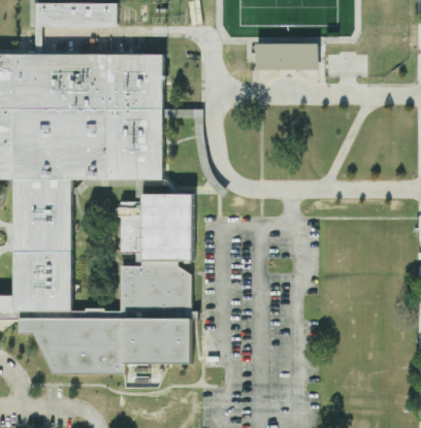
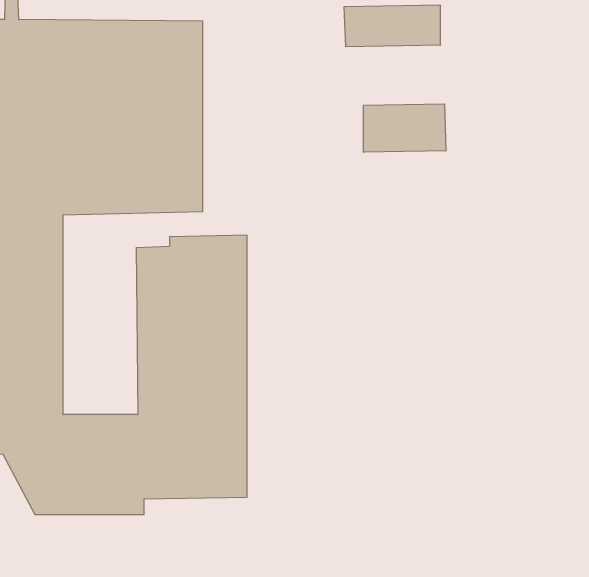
building: none -> [364,104,446,152]

